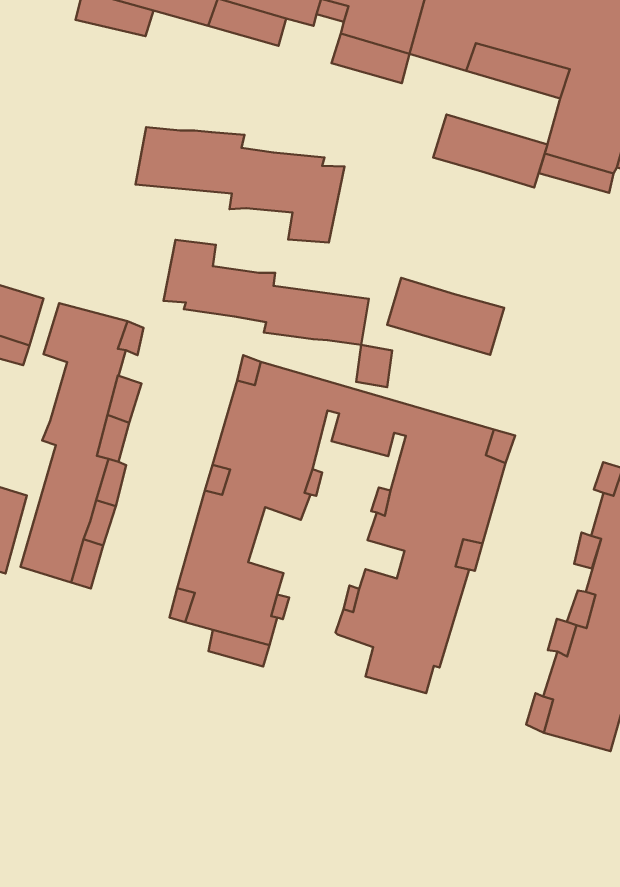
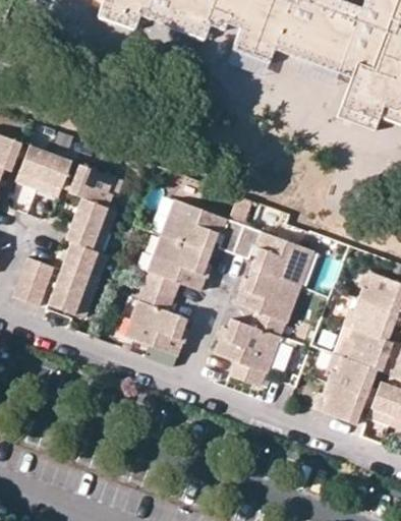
building: [433,115,547,188] -> none
building: [136,127,345,242] -> none
building: [164,240,369,345] -> none
building: [387,278,504,355] -> none

